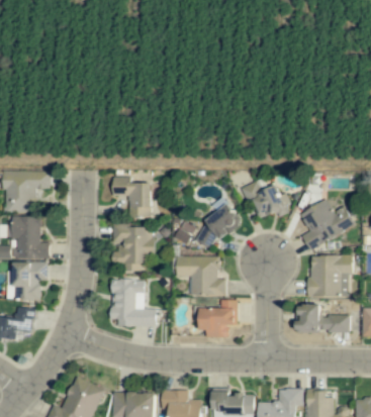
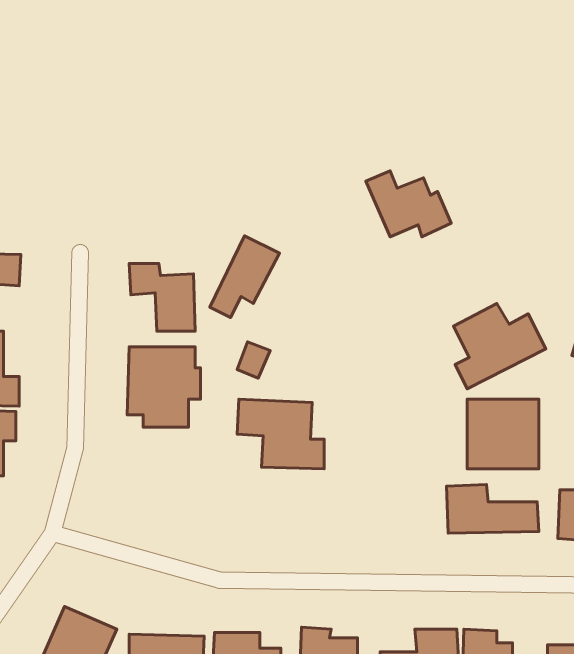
building: [243,181,292,219] -> [366,171,451,237]
building: [198,201,239,248] -> [210,236,279,318]
building: [110,280,156,327] -> none
building: [200,300,237,338] -> none

